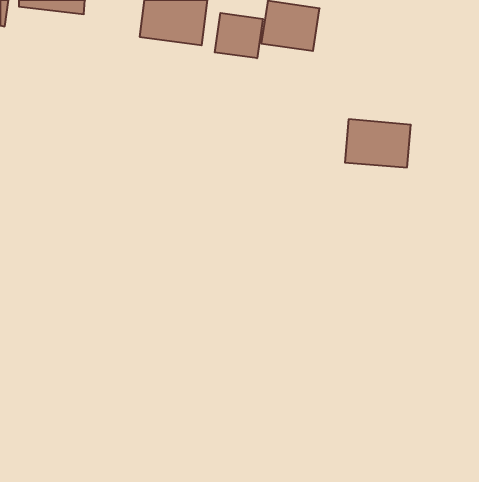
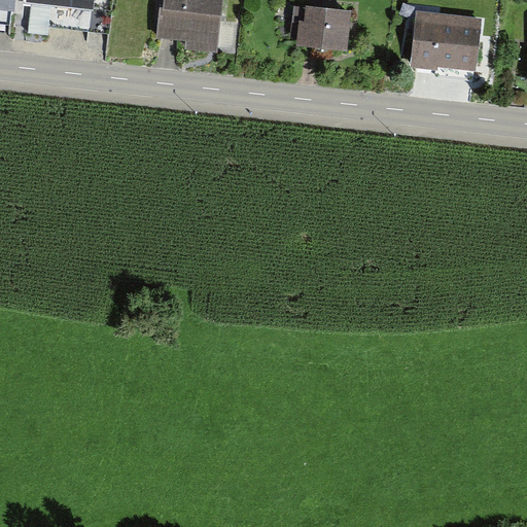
building: [215,13,263,58] -> none
building: [345,119,411,167] -> [410,13,482,66]

